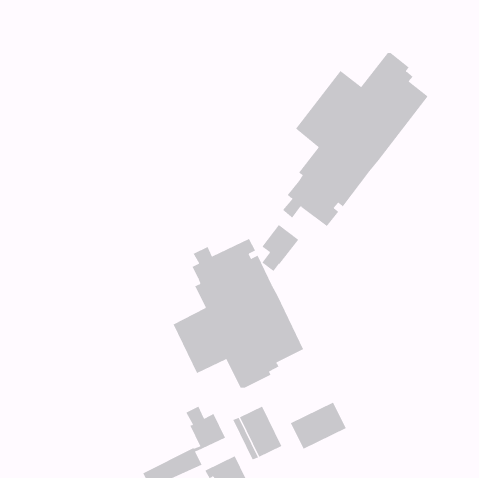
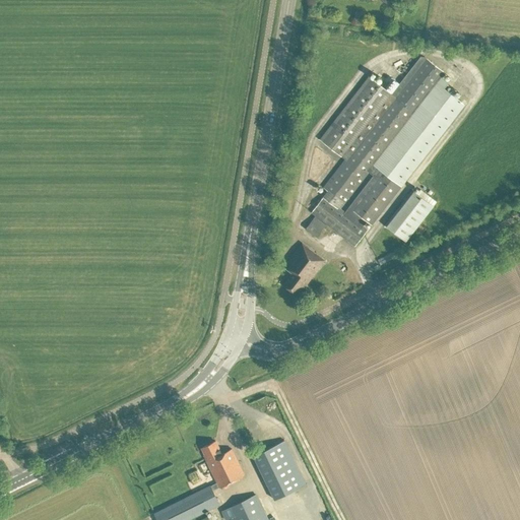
building: none -> [387,192,434,242]
building: [173,238,304,389] -> none
building: [290,402,347,449] -> none

